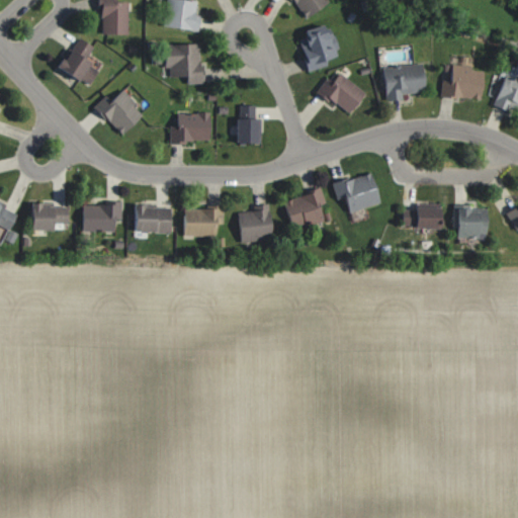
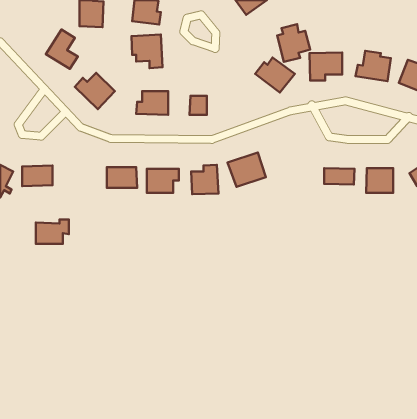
building: [300,24,341,71] -> [277,24,310,62]
building: [333,172,380,212] -> none
building: [82,200,122,231] -> [36,219,69,244]

